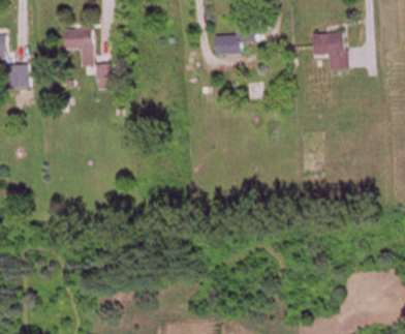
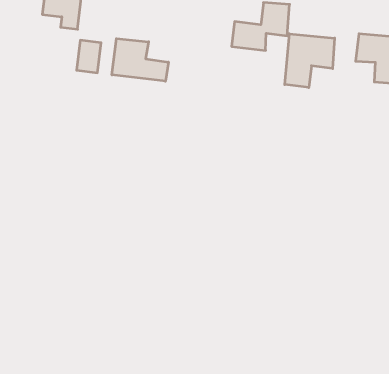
building: none -> [285,34,335,88]
building: none -> [112,39,168,81]

